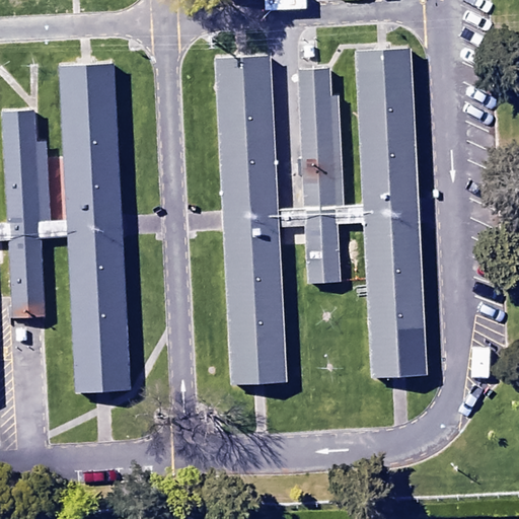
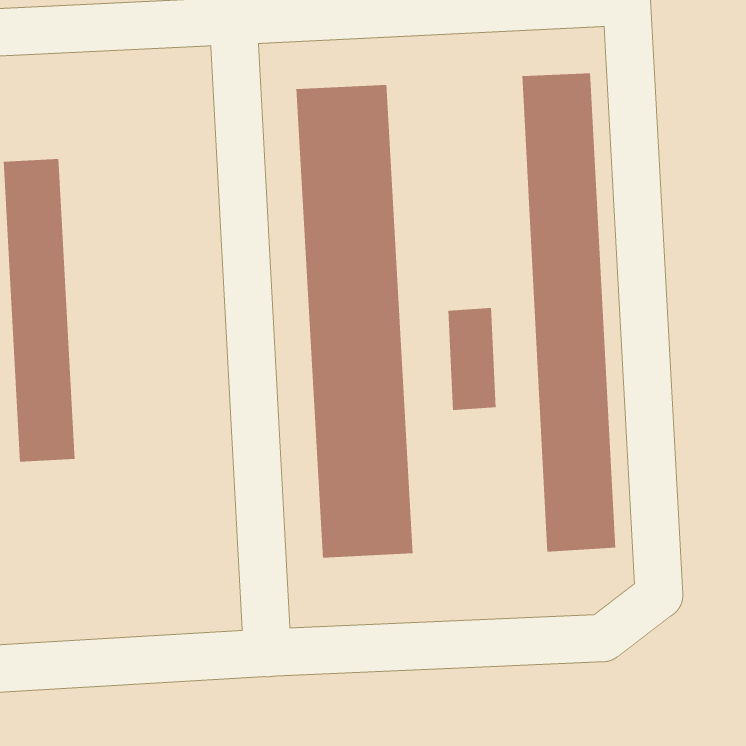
building: [59,60,134,394] -> none
building: [294,67,345,204] -> none

